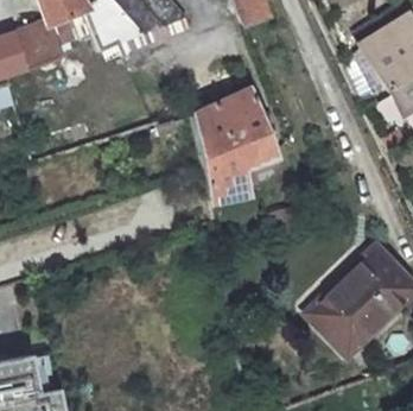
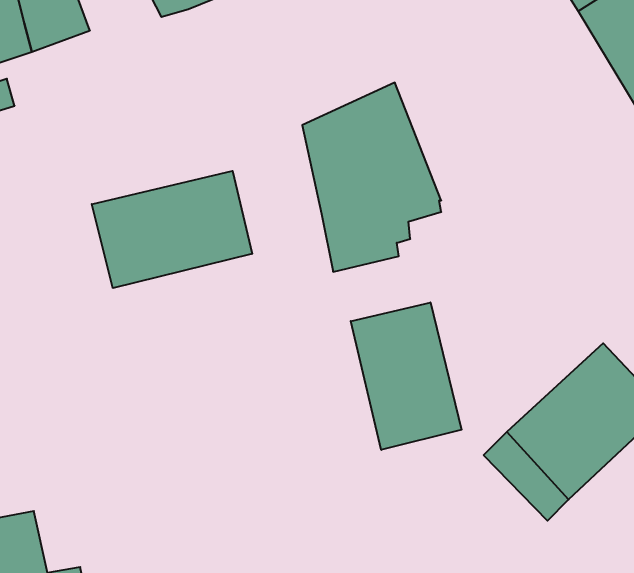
building: none -> [92,171,252,288]
building: none -> [351,302,462,450]

